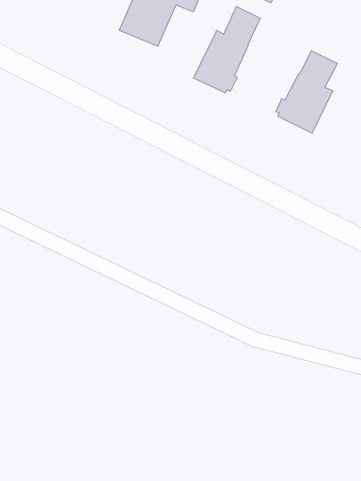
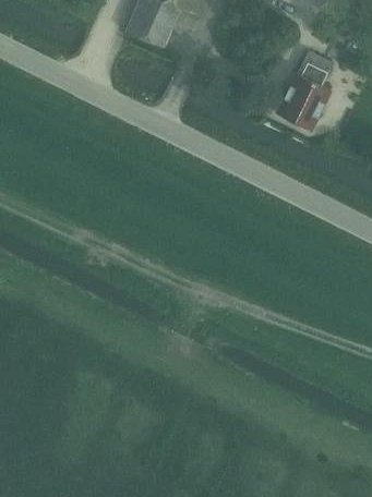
building: [194,7,260,93] -> none

